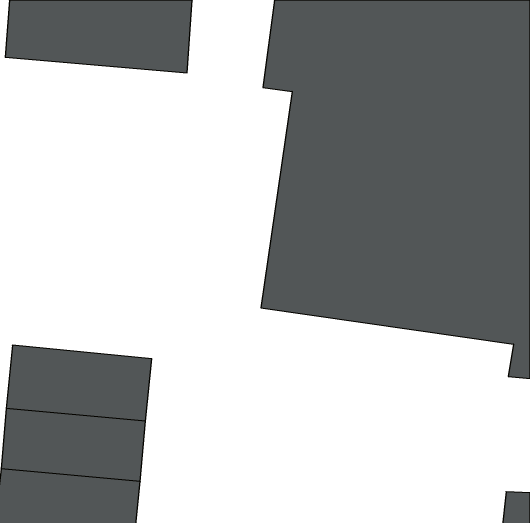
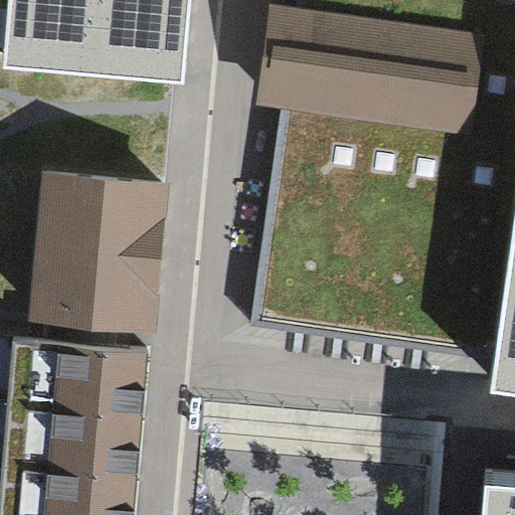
building: none -> [31,178,170,341]

